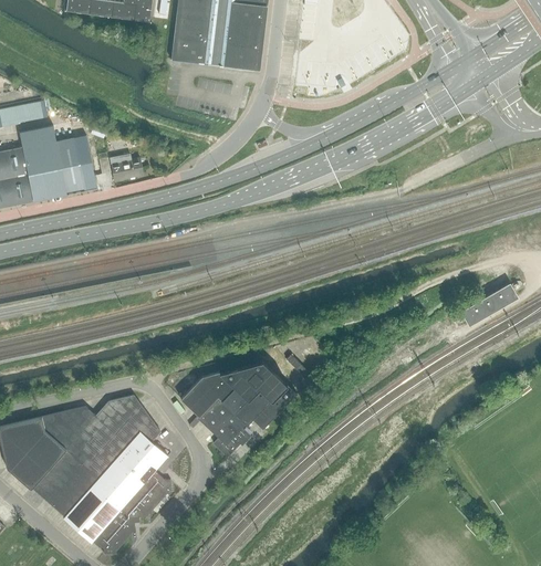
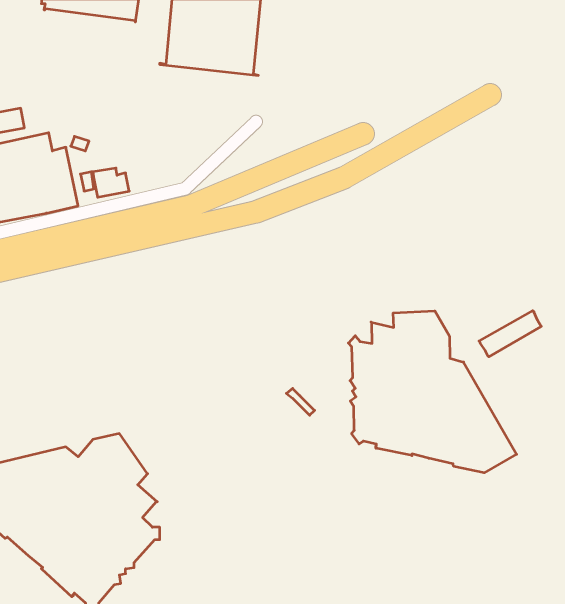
building: none -> [348,311,517,473]
building: [180,359,296,457] -> none

